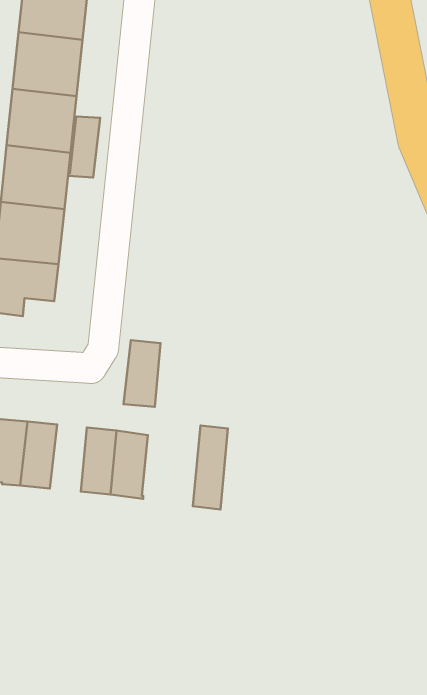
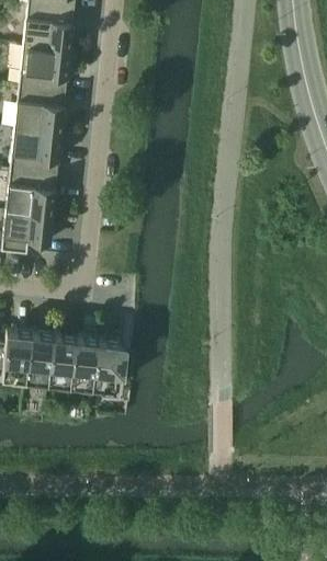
building: [68,117,100,178] -> none
building: [124,340,161,407] -> [46,335,74,385]
building: [193,425,228,509] -> none

